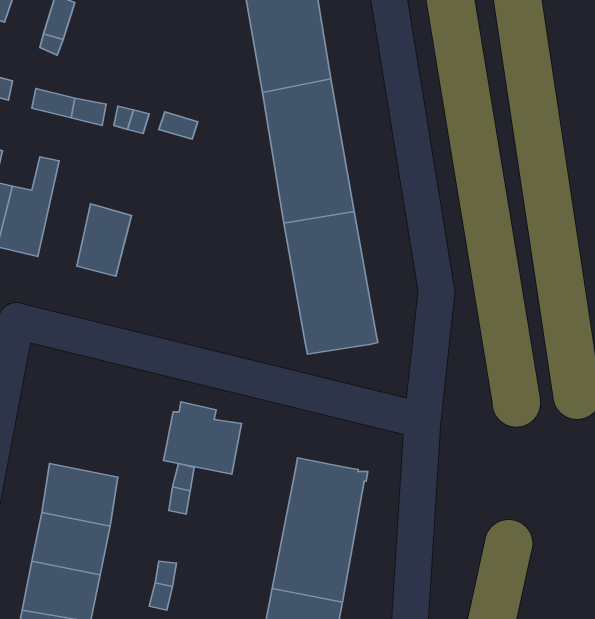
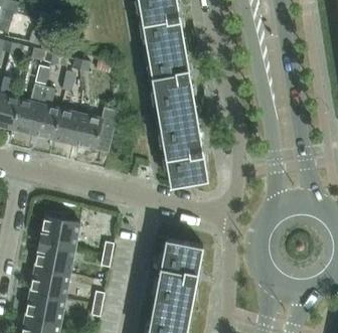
building: none -> [32,87,59,141]
building: none -> [72,109,118,153]
building: [163,402,242,474] -> [38,212,78,249]

